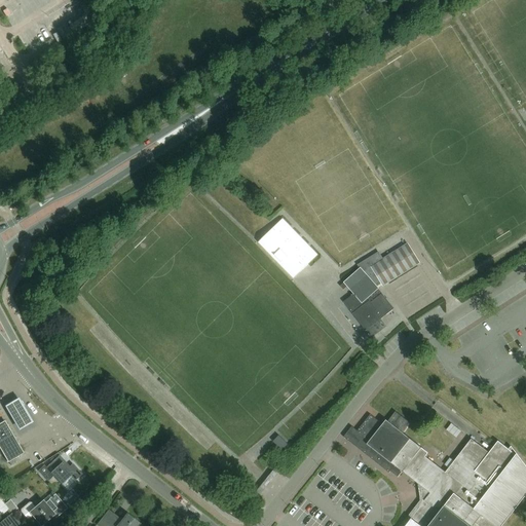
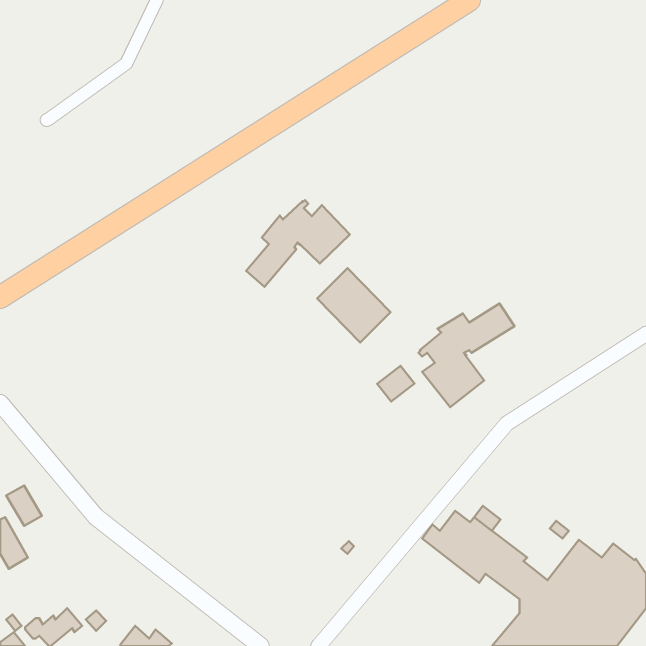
building: none -> [246,200,350,287]
building: none -> [377,366,415,402]
building: [38,455,82,485] -> none

